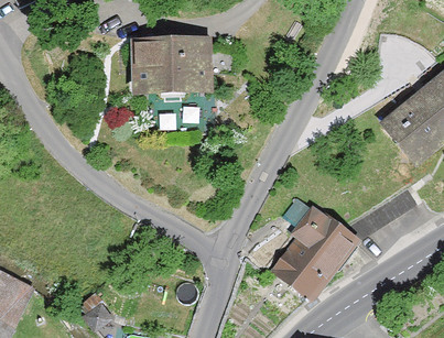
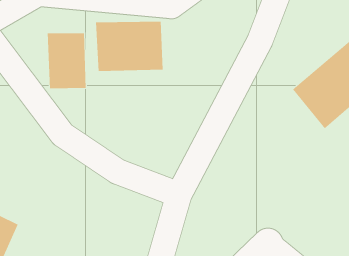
building: none -> [47,33,86,89]
building: [268,207,358,302] -> none

